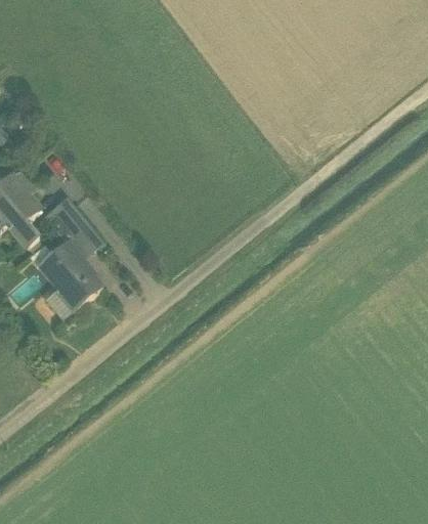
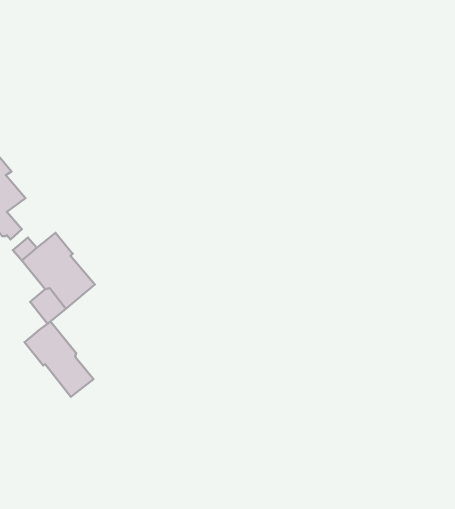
building: [43,196,101,258] -> none
building: none -> [25,321,94,397]

